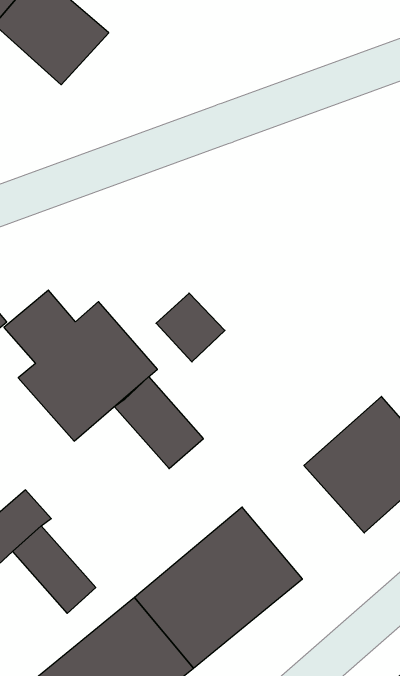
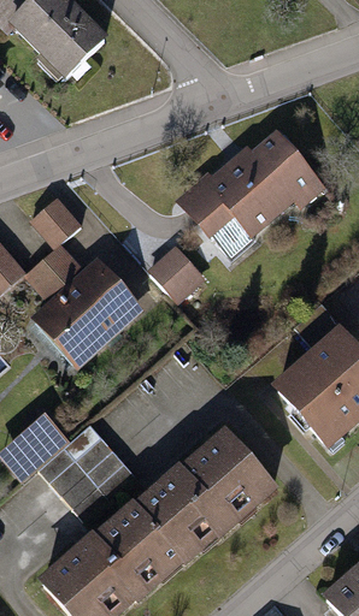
building: none -> [179,134,326,263]
building: none -> [29,200,80,249]
building: [114,377,203,469] -> [53,416,128,493]

